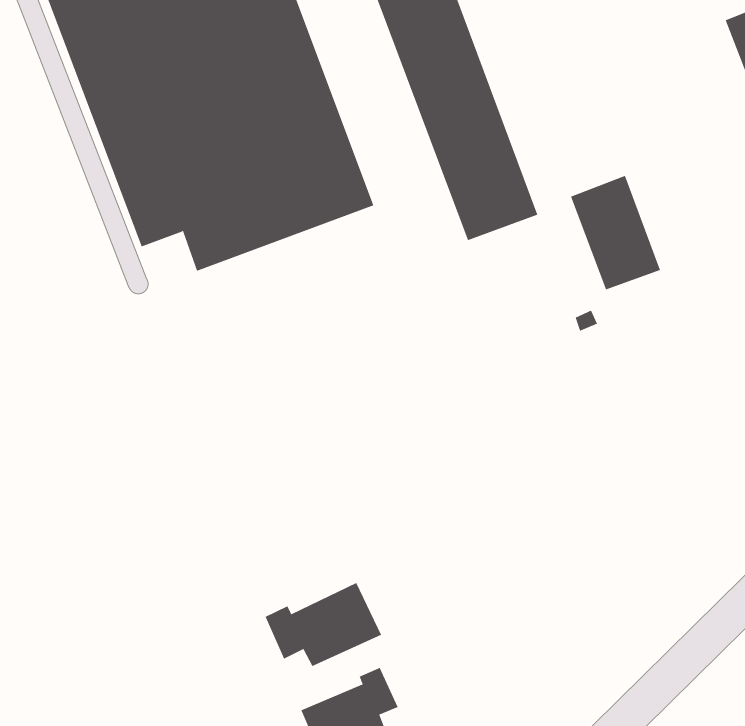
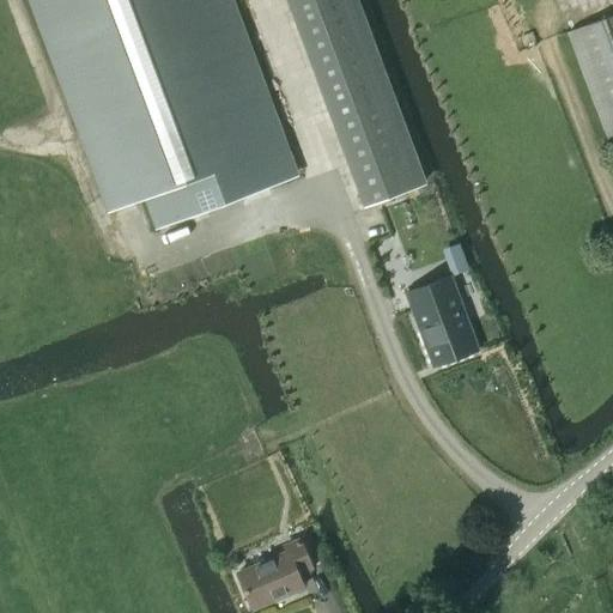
building: [570,175,661,290] -> [408,275,479,365]
building: [265,582,382,667] -> none

